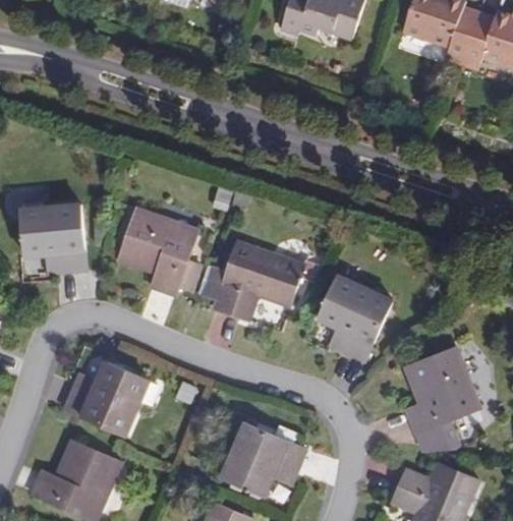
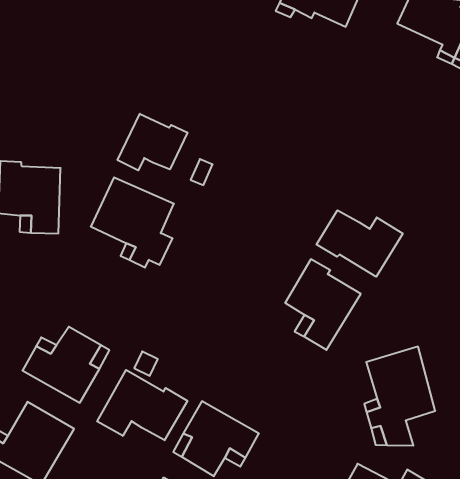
building: none -> [118,114,187,170]
building: none -> [317,210,403,277]
building: [204,243,302,322] -> none
building: none -> [97,370,187,440]

